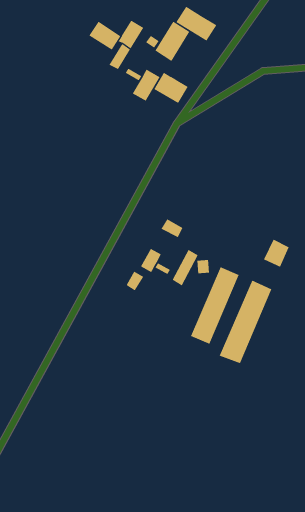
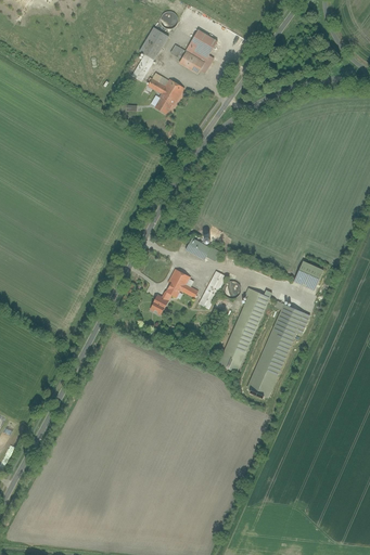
building: [176,6,217,42] -> none
building: [88,21,121,50] -> none
building: [153,72,189,104] -> none

